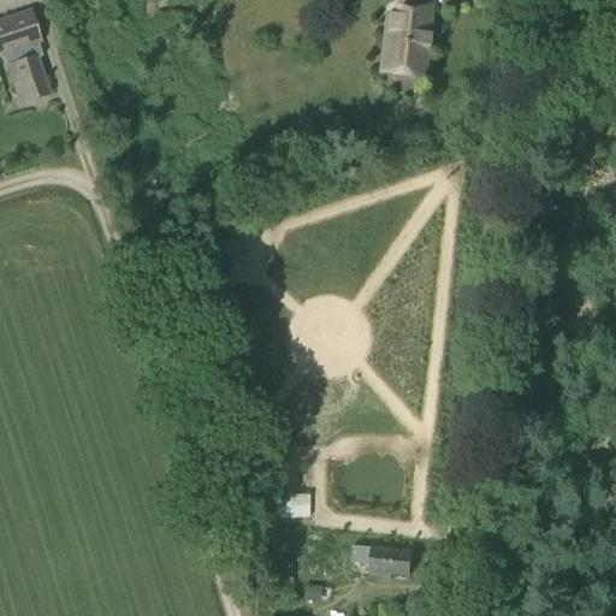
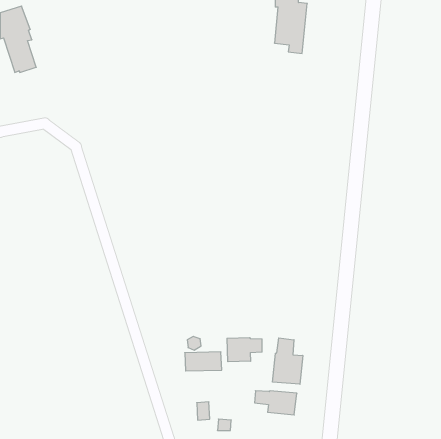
building: none -> [227,338,262,362]
building: none -> [273,338,303,384]

